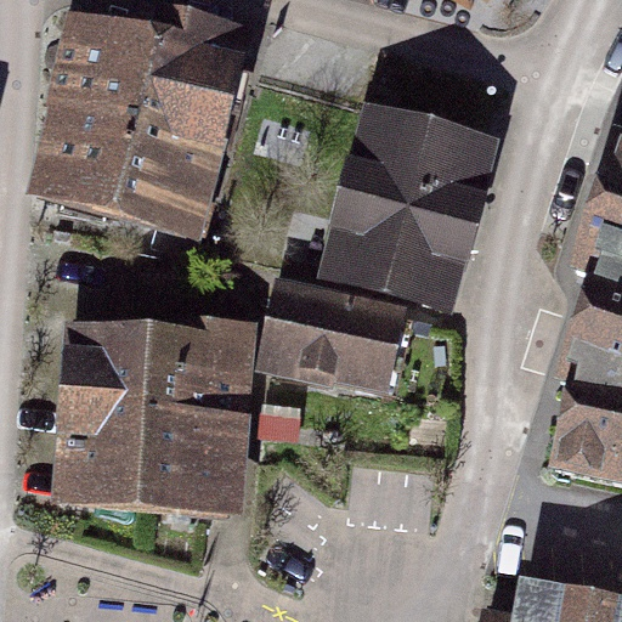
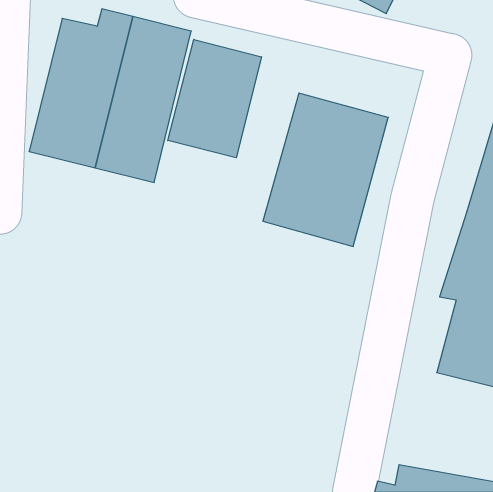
building: none -> [168,39,261,158]
building: [273,290,405,386] -> none
building: [70,328,244,507] -> none

